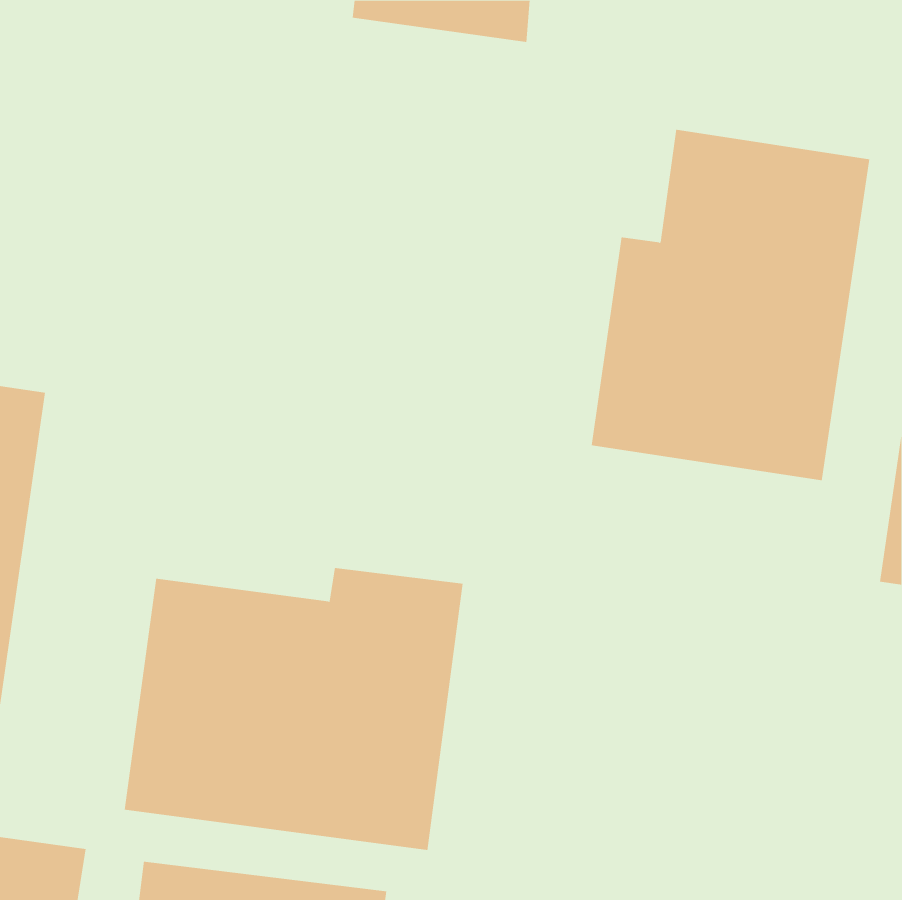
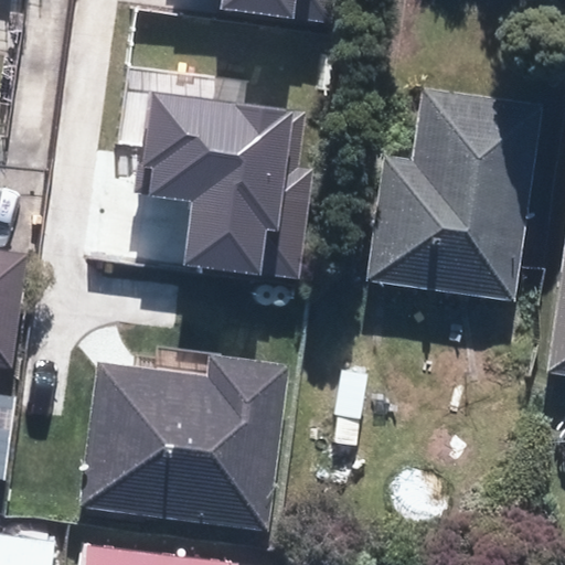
building: none -> [132,92,310,280]

